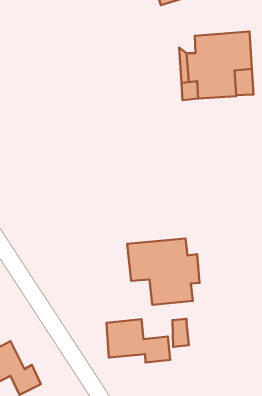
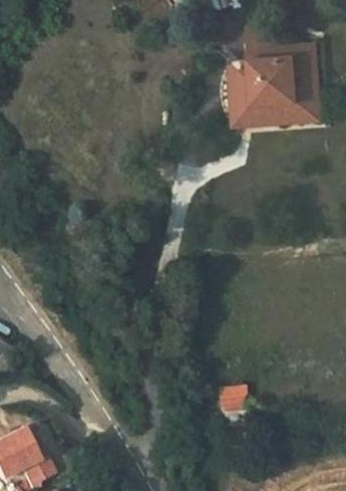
building: [127,238,200,305] -> none
building: [106,319,170,363] -> none

